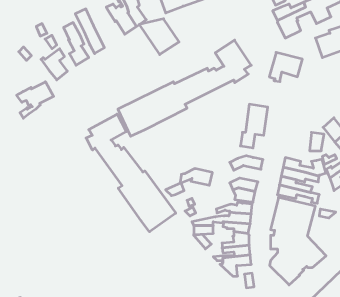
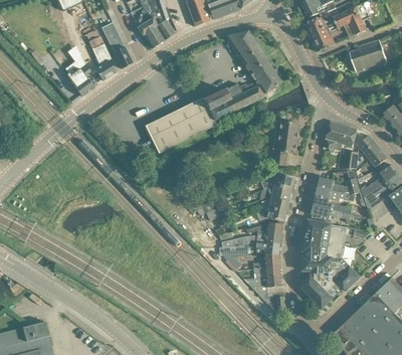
building: [139,19,179,55] -> [225,30,266,67]
building: [269,52,302,82] -> [324,122,358,152]
building: [17,82,54,118] -> none
building: [86,114,176,232] -> none
building: [180,169,212,185] -> [260,184,293,201]

